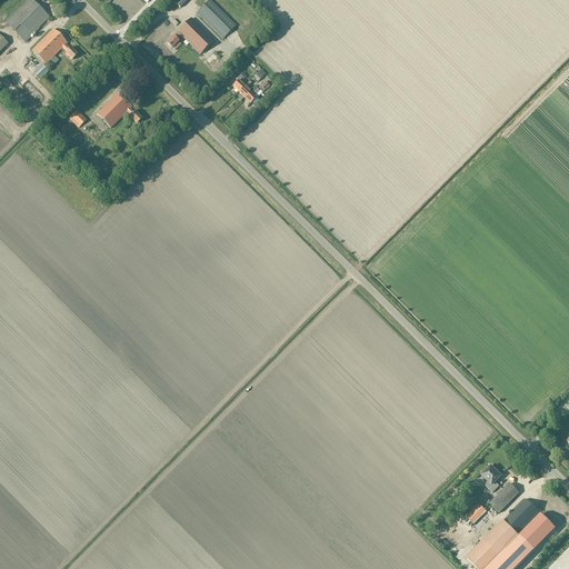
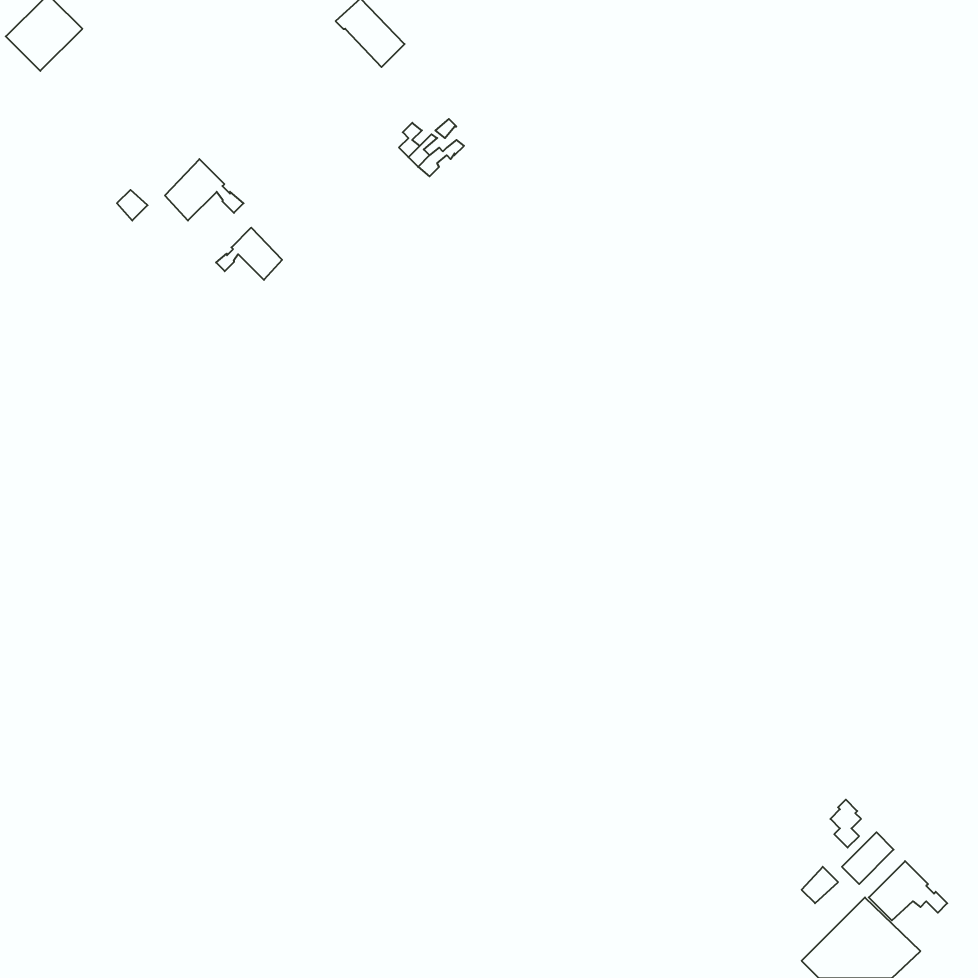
building: [166,18,212,53] -> none
building: [31,29,77,64] -> none
building: none -> [216,228,282,280]

